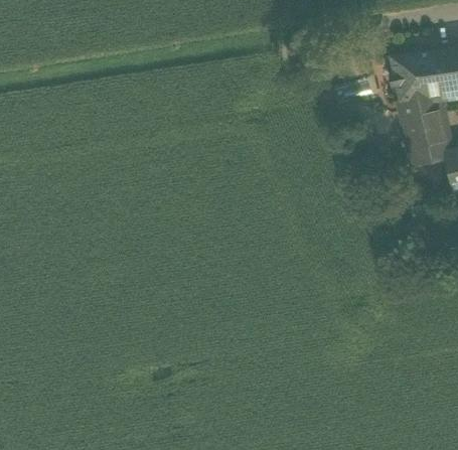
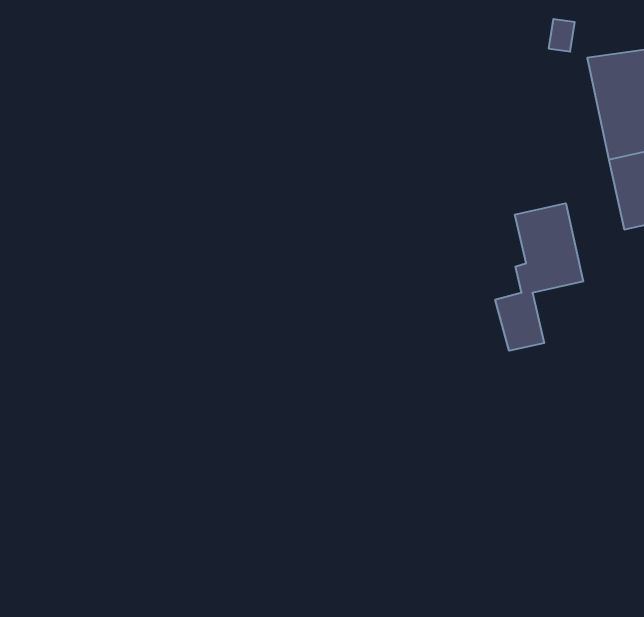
building: none -> [495,203,583,351]

